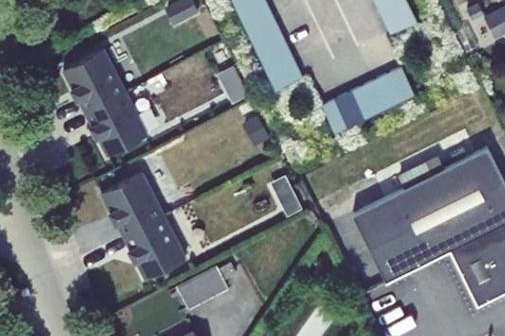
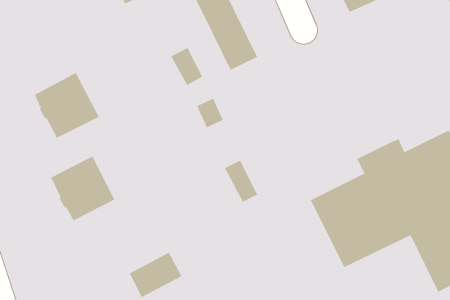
building: [63,48,126,113] -> none
building: [321,67,415,135] -> none
building: [123,215,186,279] -> none

